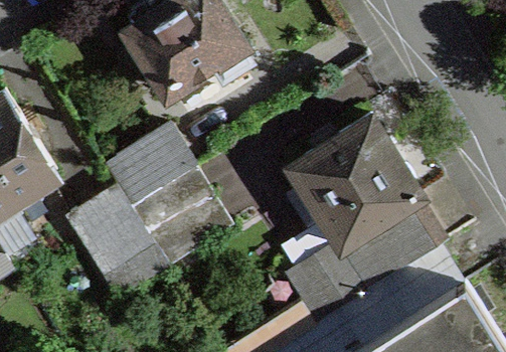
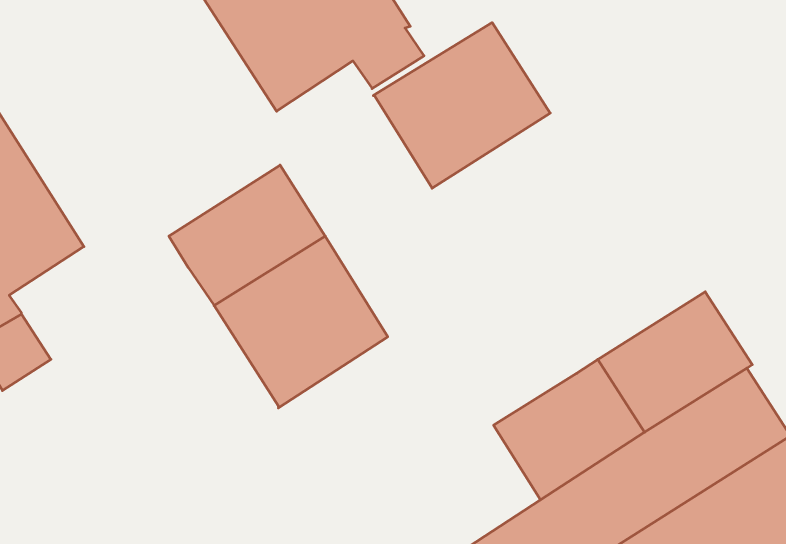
building: none -> [373,23,550,188]
building: [291,118,423,248] -> none
building: [70,187,169,298] -> none

